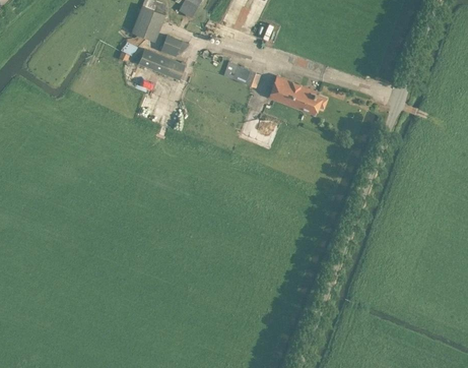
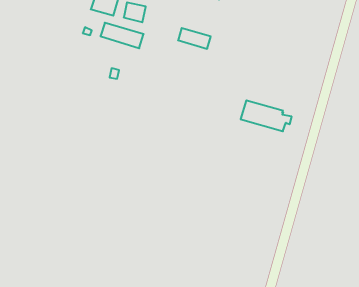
building: [269,76,326,114] -> [241,100,292,131]

